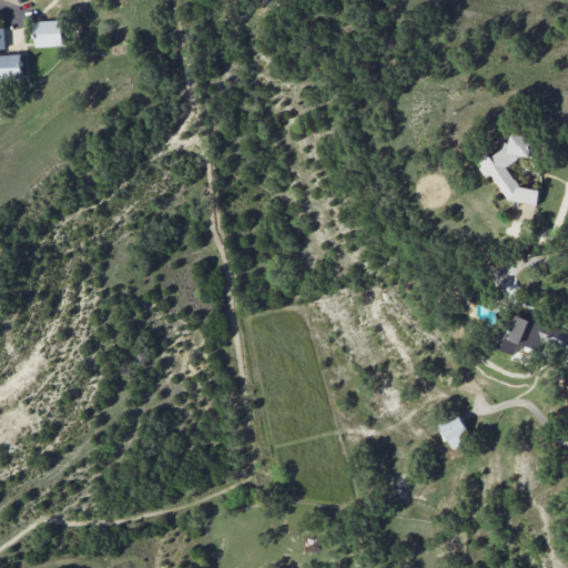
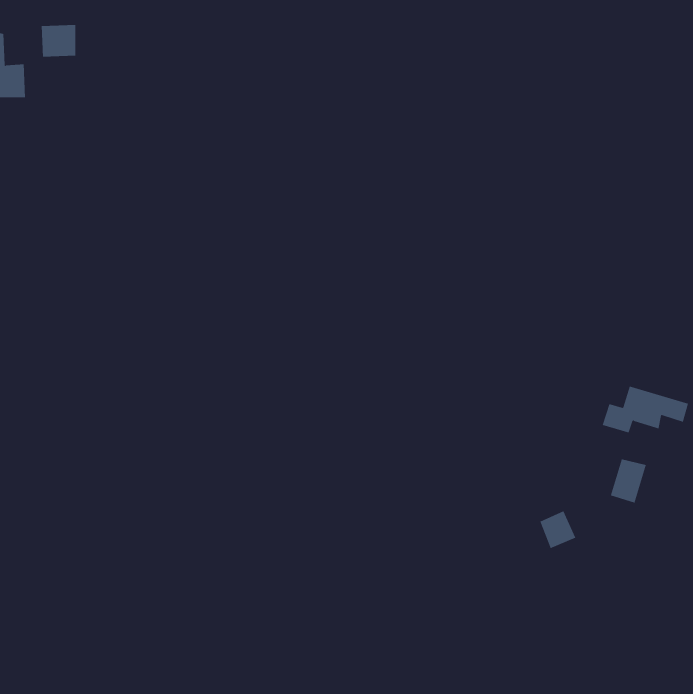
building: [477,132,538,204] -> none
building: none -> [610,459,646,503]

